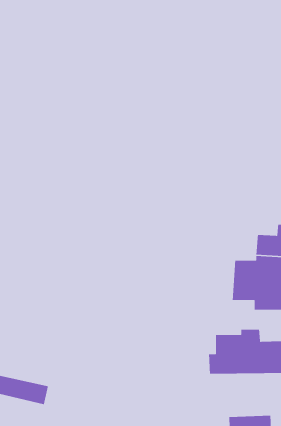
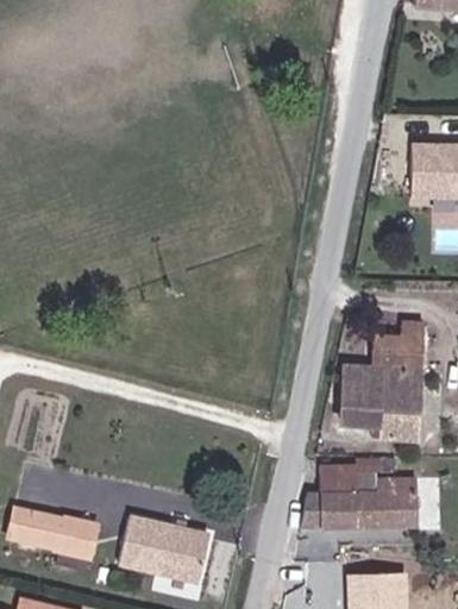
building: none -> [119,520,208,584]

